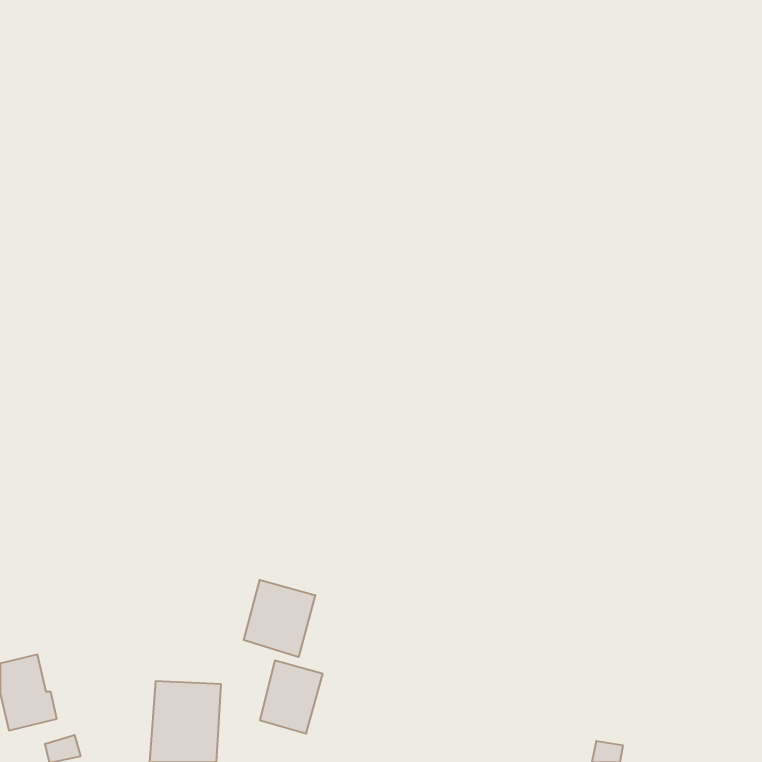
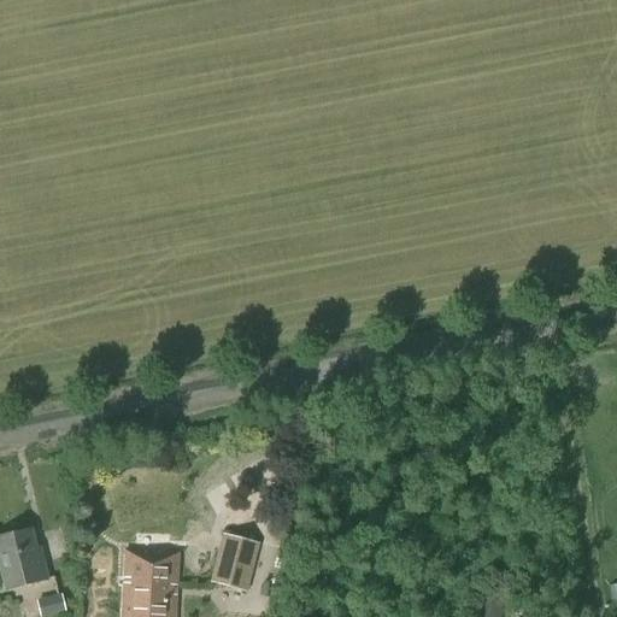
building: [244,580,315,657] -> none

